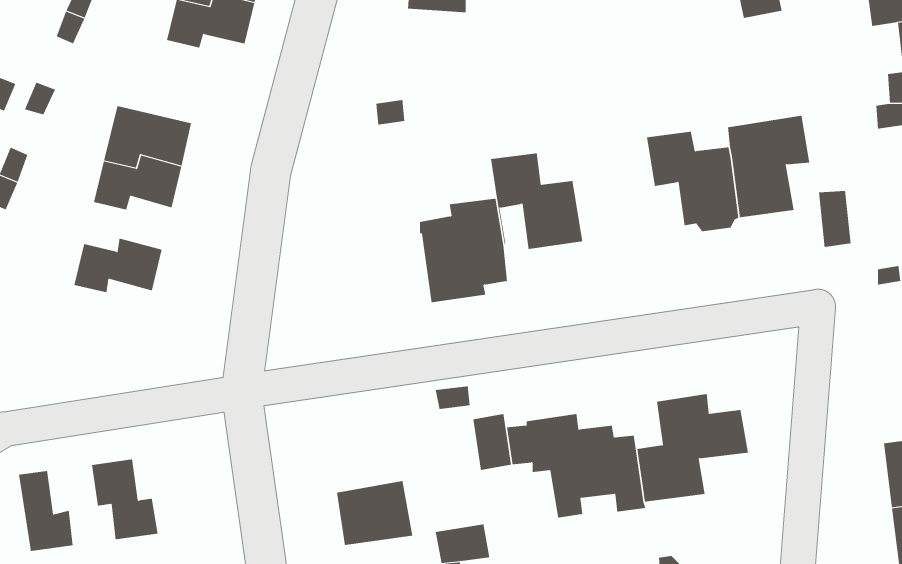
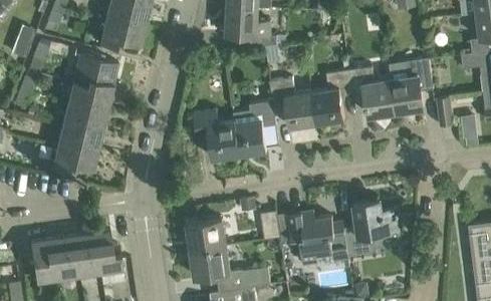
building: none -> [226,6,279,49]
building: none -> [99,19,145,49]
building: none -> [311,71,352,124]
building: none -> [62,101,107,129]
building: none -> [193,110,239,160]
building: none -> [51,143,97,174]
building: none -> [187,220,225,252]
building: none -> [87,232,121,273]
building: none -> [44,238,78,279]

